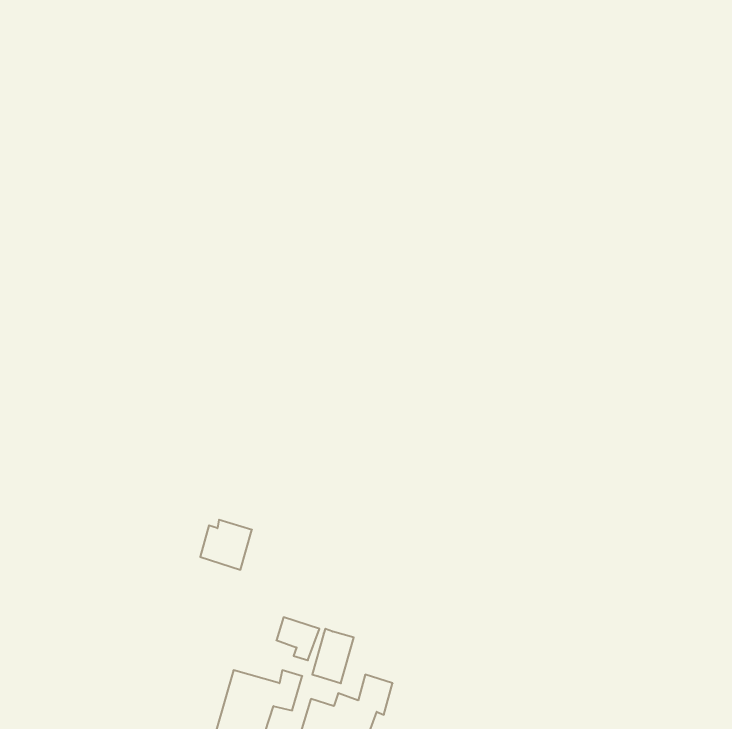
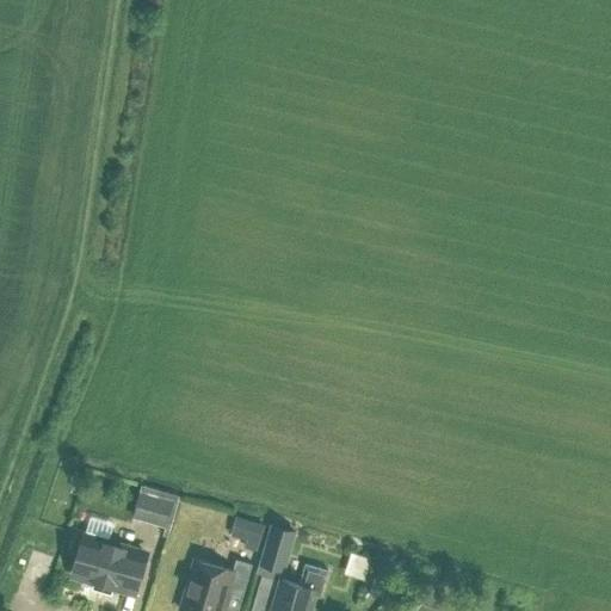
building: [200,520,252,570] -> [132,489,175,531]
building: none -> [73,537,146,594]

